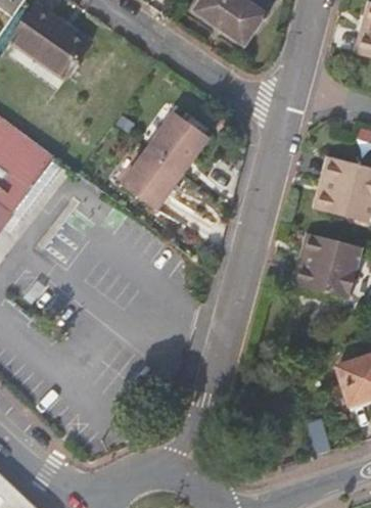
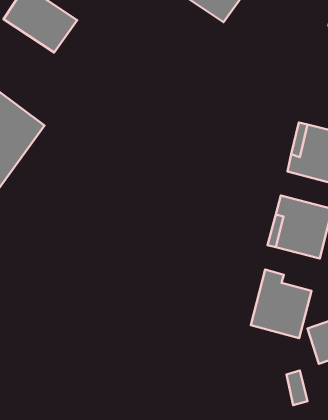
building: [122,114,205,211] -> none
building: none -> [251,270,311,338]

